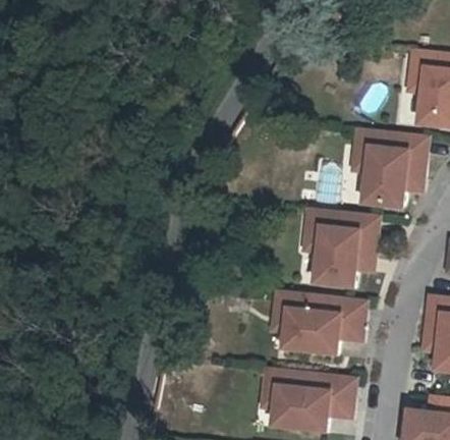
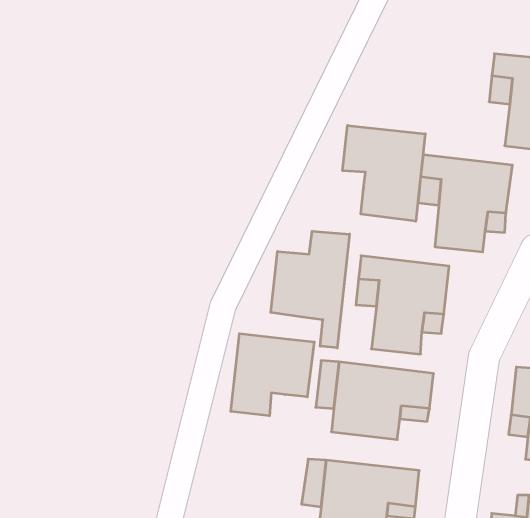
building: none -> [343,125,425,221]
building: none -> [271,231,350,348]
building: none -> [231,334,314,416]

